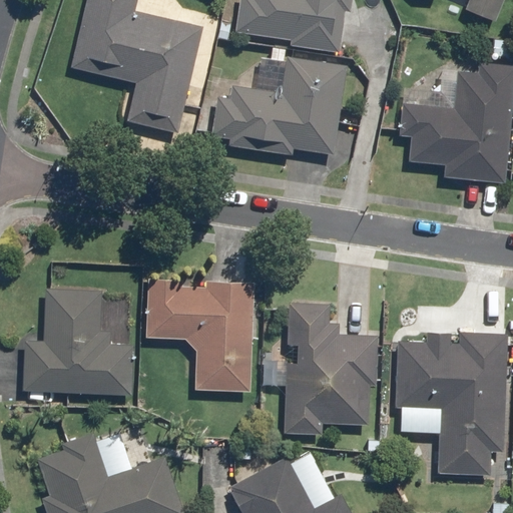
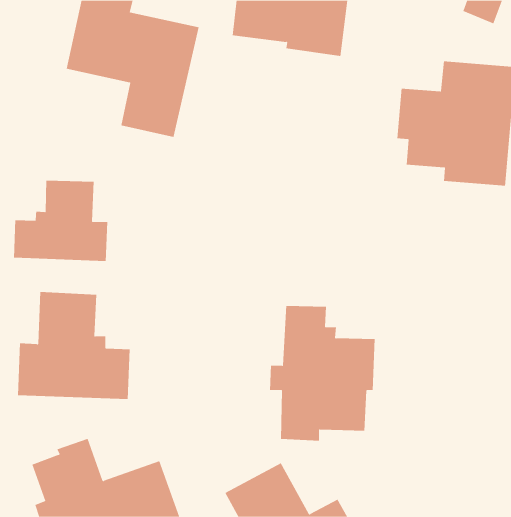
building: [209,52,349,157] -> none
building: none -> [13,180,108,262]
building: [145,280,254,394] -> none
building: [394,332,507,477] -> none

